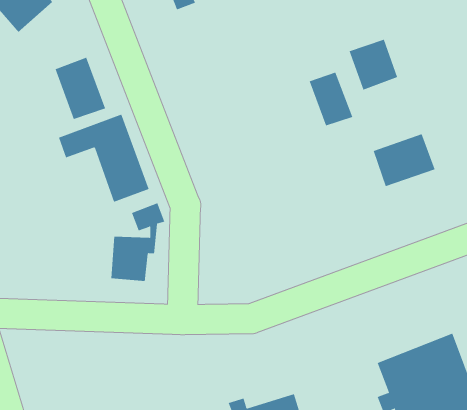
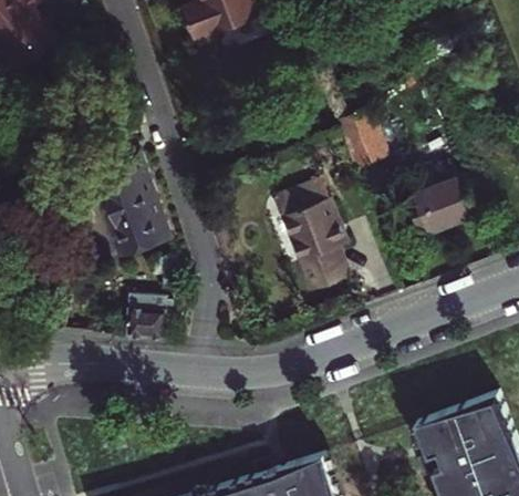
building: [349,39,398,90] -> none
building: [55,57,106,120] -> none
building: none -> [278,182,350,293]

